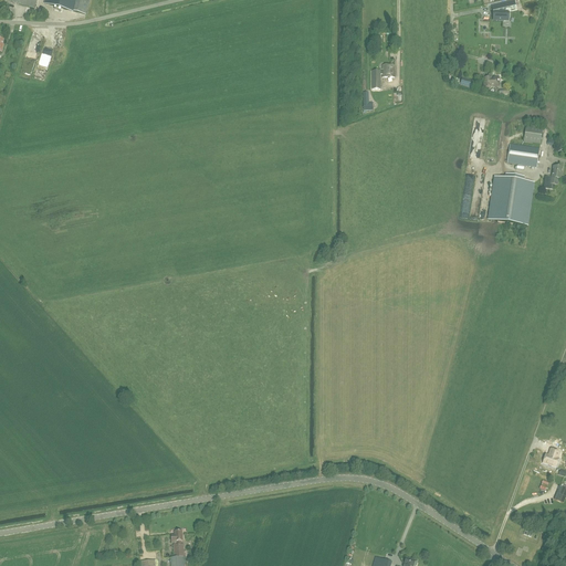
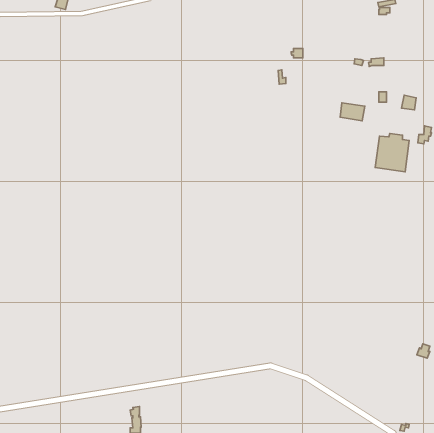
building: [506,142,538,165] -> [340,103,365,121]

